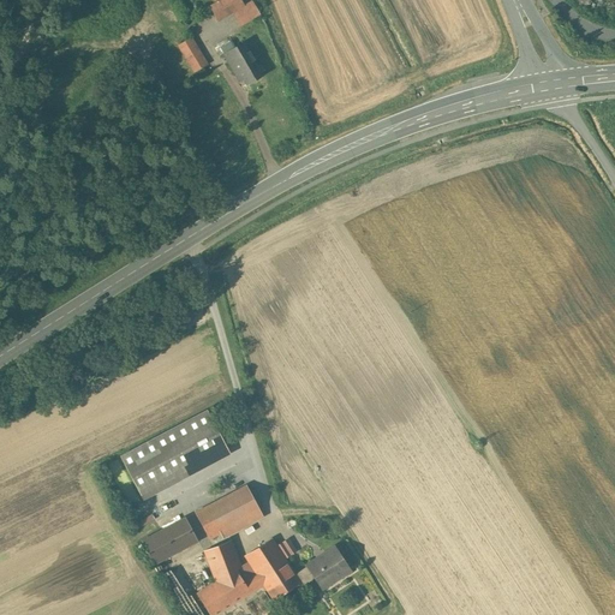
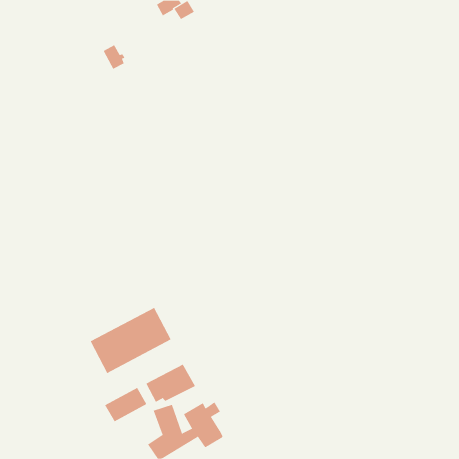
building: [178,38,208,72] -> [103,45,125,70]
building: [222,43,258,82] -> none
building: [294,549,348,589] -> none

